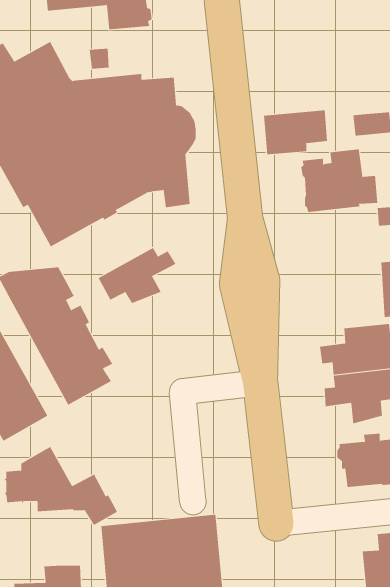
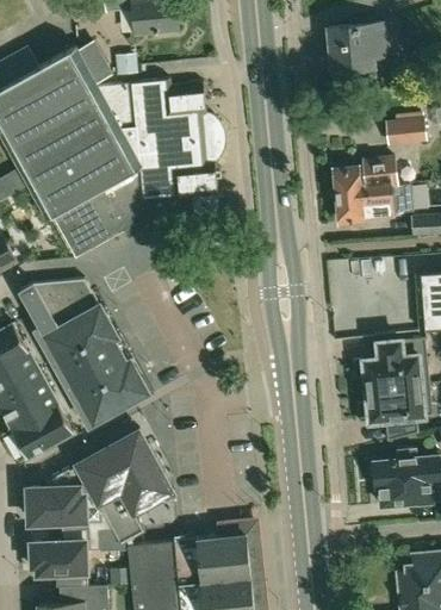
building: none -> [75,36,116,85]
building: [263,110,328,155] -> [328,23,395,69]
building: [98,247,176,304] -> none
building: none -> [75,429,173,515]
building: none -> [30,529,99,587]

